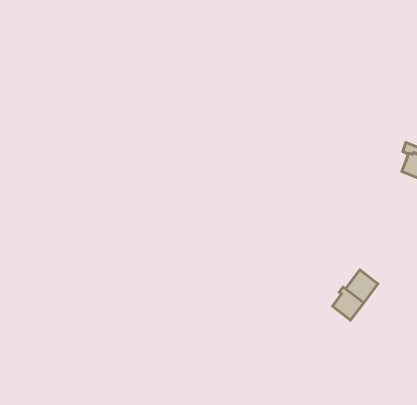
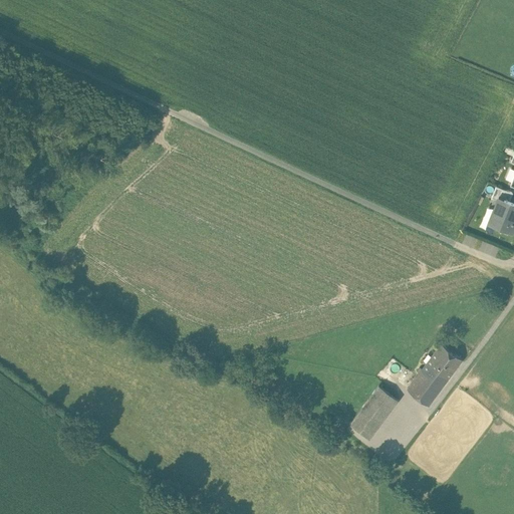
building: none -> [349,388,399,442]

